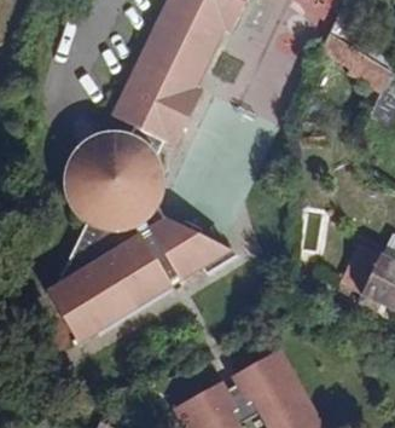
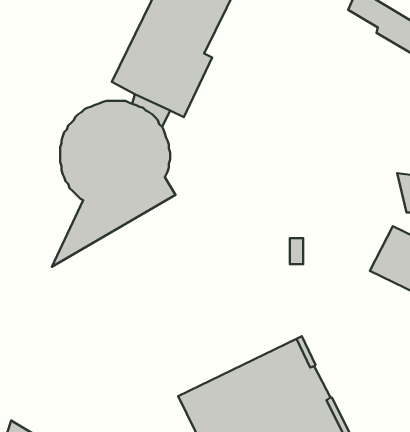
building: [41,216,232,341] -> none

